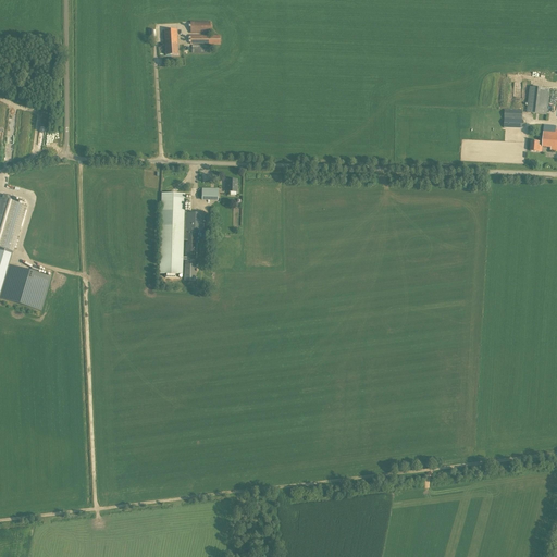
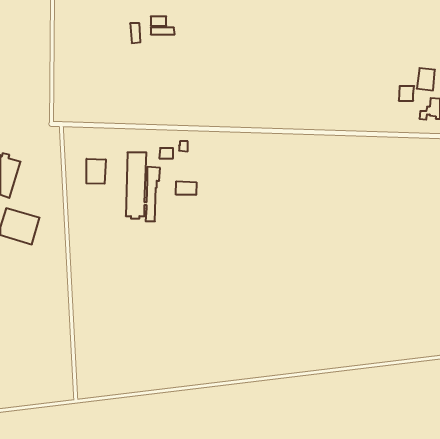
building: none -> [86,159,106,184]
building: none -> [176,181,196,195]

